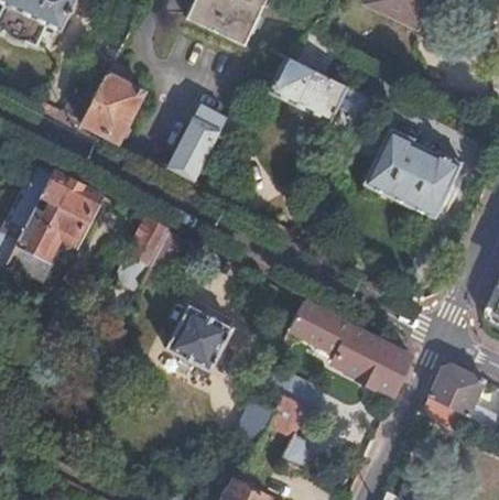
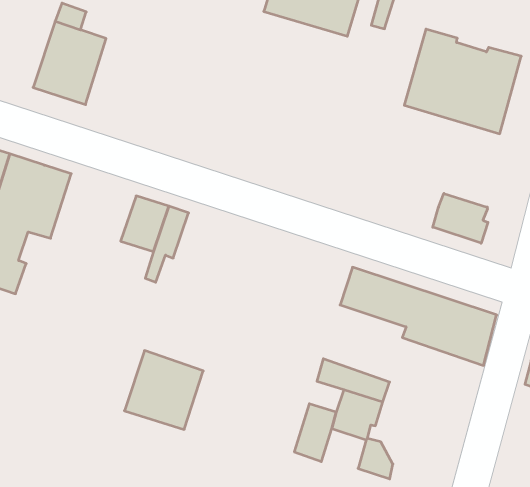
building: [164,104,226,180] -> none
building: none -> [433,193,488,243]
building: [167,305,234,371] -> [124,351,203,429]

